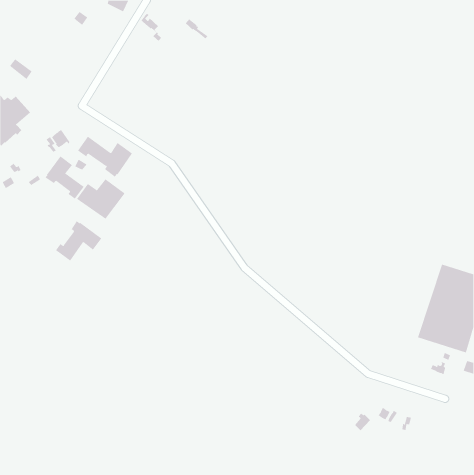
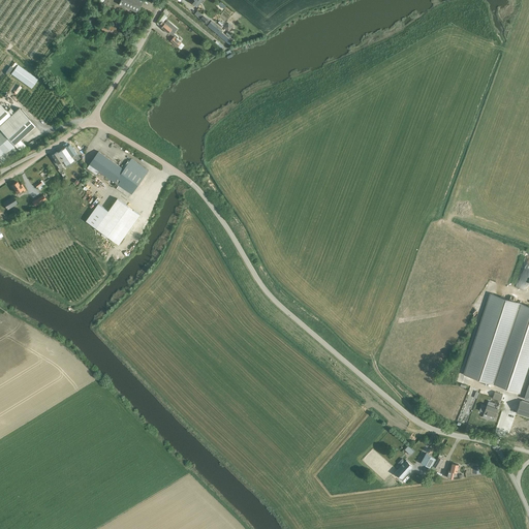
building: [45,156,85,200] -> none
building: [55,220,102,261] -> none

